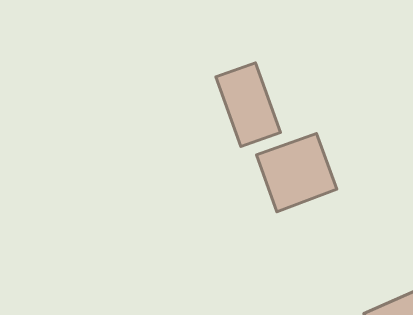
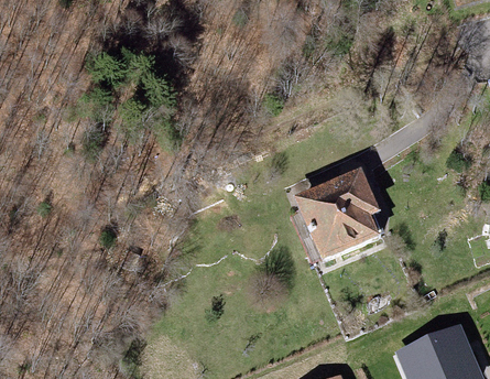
building: [216,63,281,147] -> none

